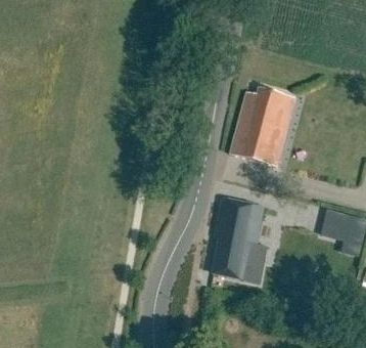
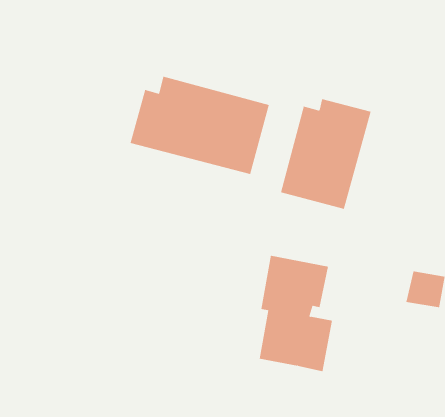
building: none -> [130,76,269,175]

